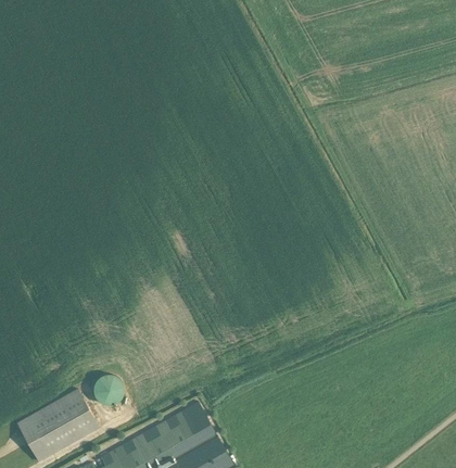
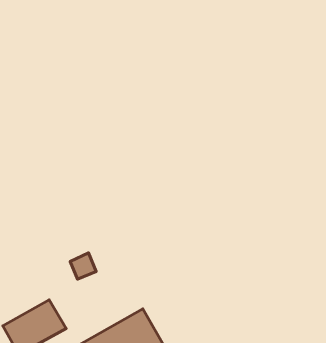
building: [94,371,128,405] -> [70,253,96,279]

